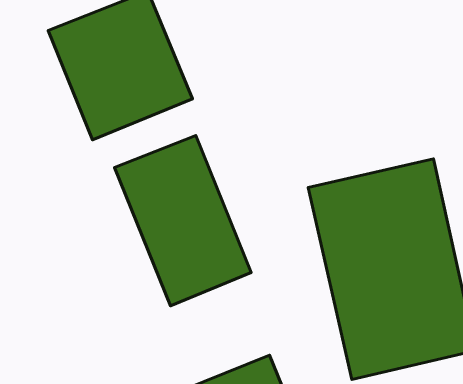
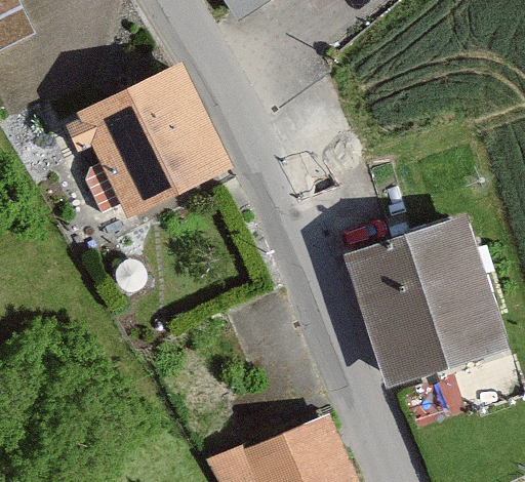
building: [115,135,251,306] -> none

